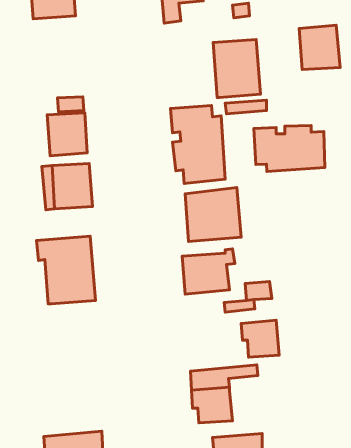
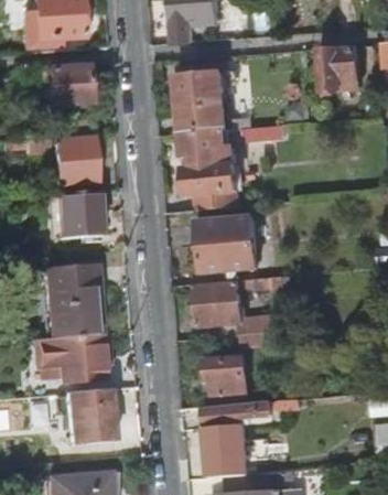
building: [213,39,261,97] -> [174,73,224,133]
building: none -> [40,66,87,105]
building: [254,126,325,172] -> none
building: none -> [35,334,106,381]
building: [241,320,279,357] -> [205,358,245,397]
building: none -> [65,389,111,443]

